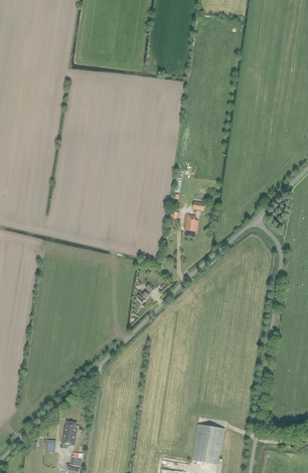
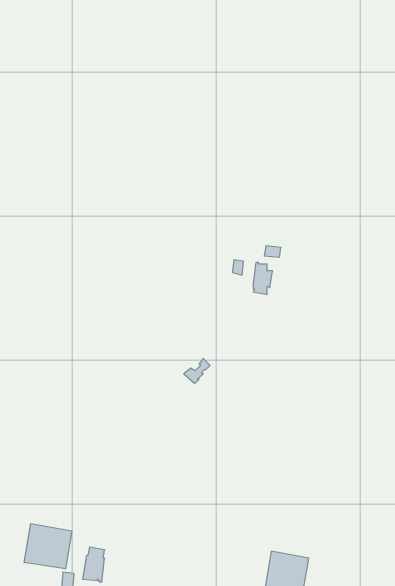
building: none -> [24,524,72,569]

